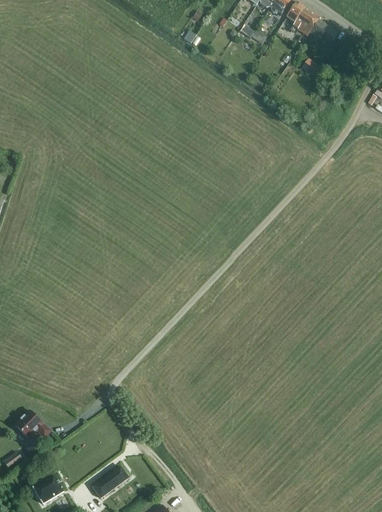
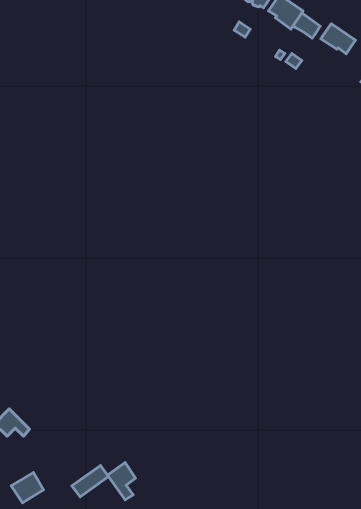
building: none -> [321,24,356,54]
building: none -> [107,462,136,500]

